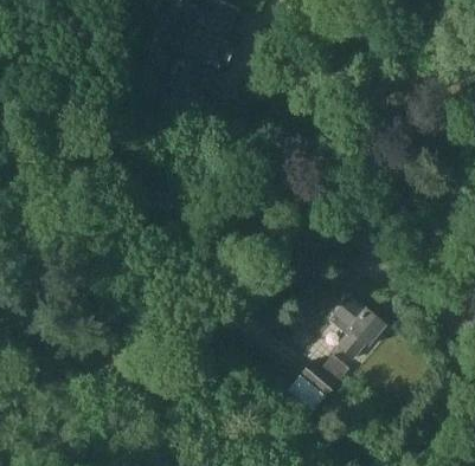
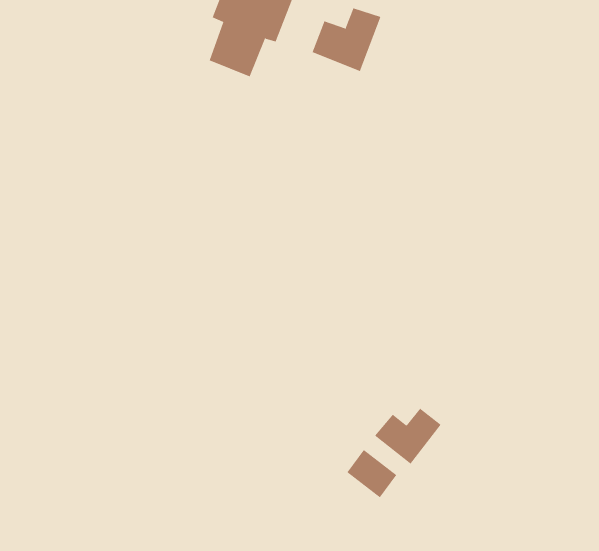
building: none -> [312,7,381,72]
building: [332,302,387,356] -> none

